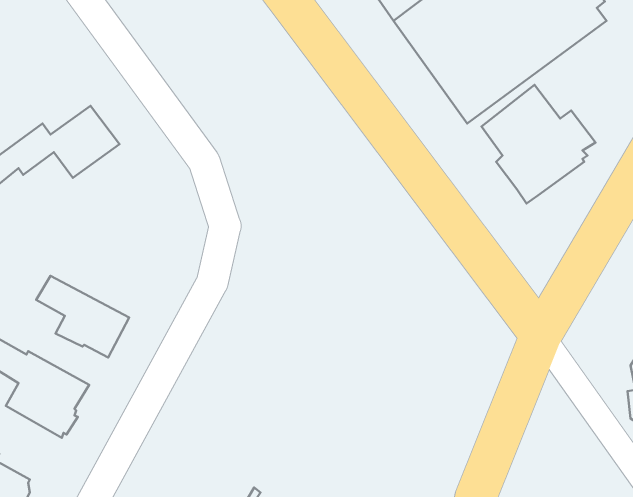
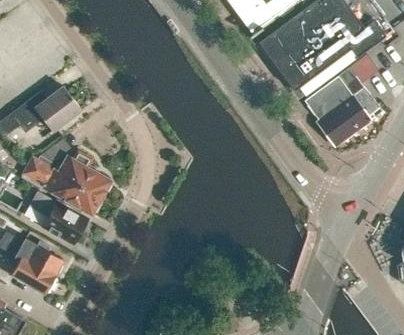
building: none -> [341,55,379,94]
building: none -> [22,149,110,213]

